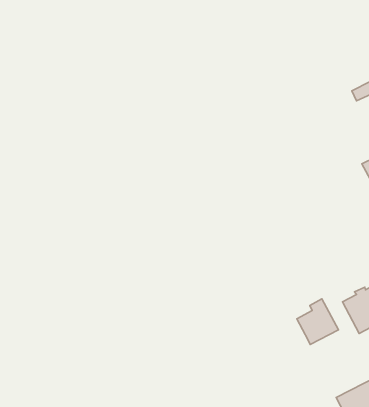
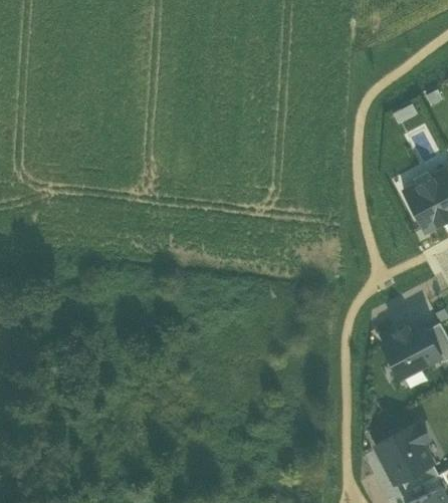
building: [297,299,338,344] -> none

